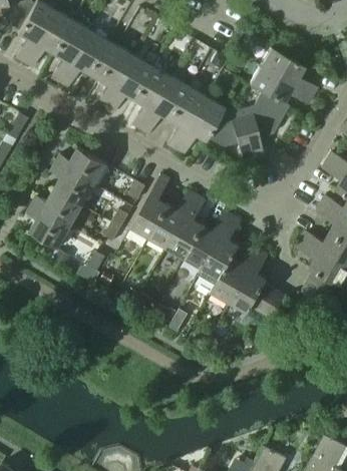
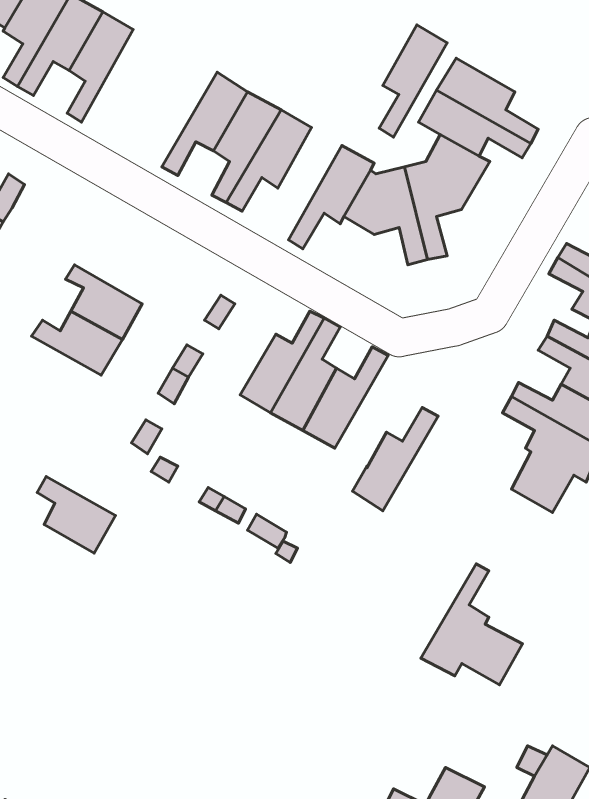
building: [59,32,107,88] -> none
building: [96,46,135,109] -> none
building: [167,87,206,150] -> [379,25,447,137]
building: [55,147,106,186] -> none
building: [130,174,169,238] -> none
building: [26,204,70,248] -> [37,476,116,553]
building: [202,215,241,279] -> none
building: [229,250,286,318] -> [421,564,523,685]

